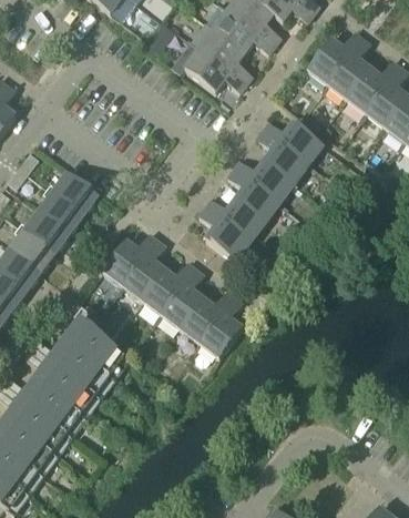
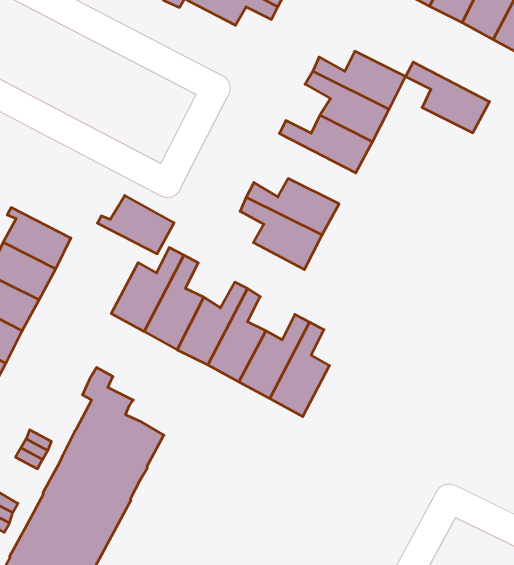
building: [226,166,279,220] -> [406,62,490,133]
building: [47,172,98,214] -> [97,195,174,254]

